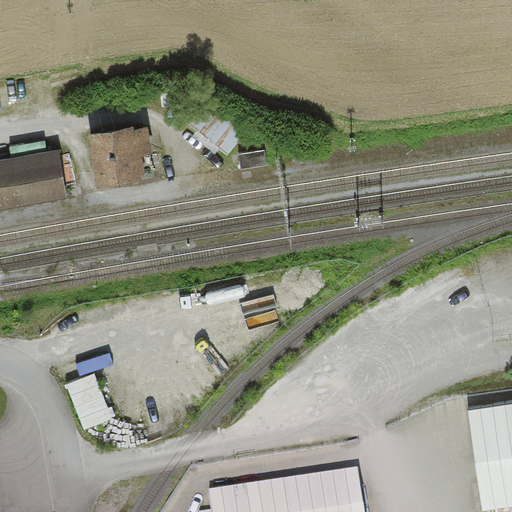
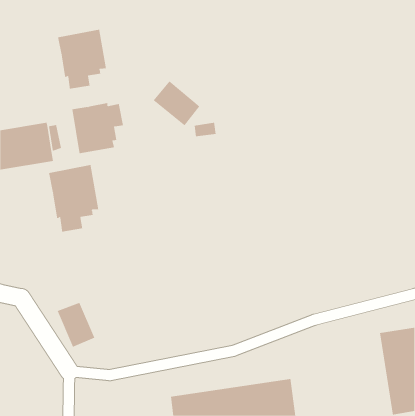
building: none -> [58,29,106,90]
building: none -> [49,164,99,232]

